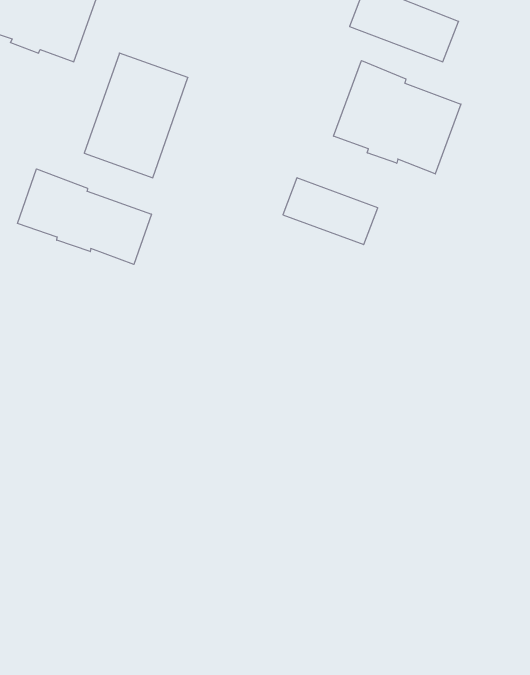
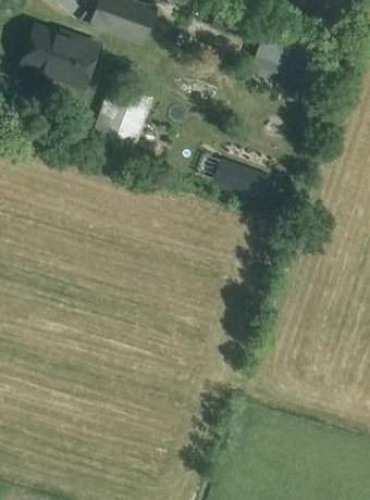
building: [334,61,461,174] -> none
building: [17,169,151,264] -> none

